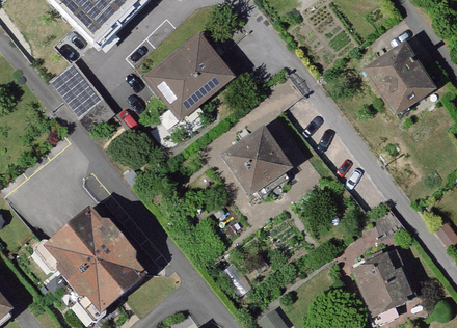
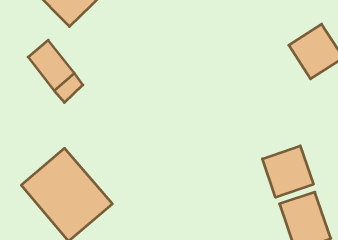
building: [144,33,241,127] -> none
building: [221,128,297,203] -> none
building: none -> [262,146,313,197]

